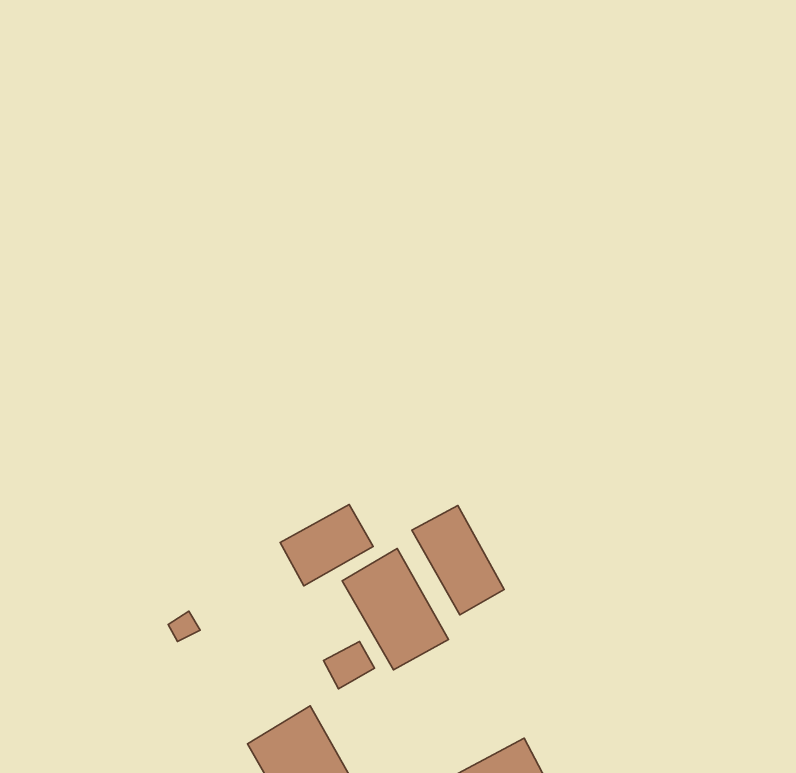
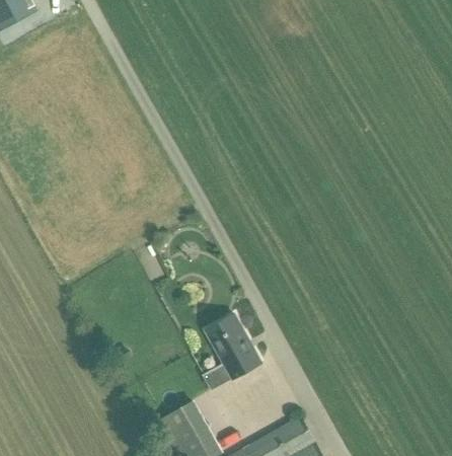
building: [280,504,373,586] -> none
building: [412,505,504,615] -> none

